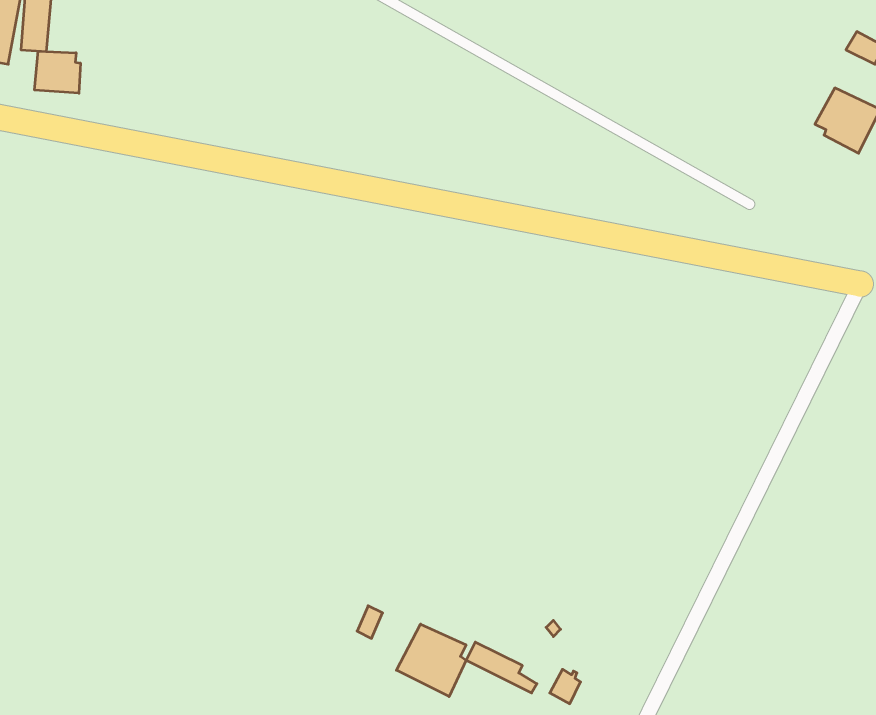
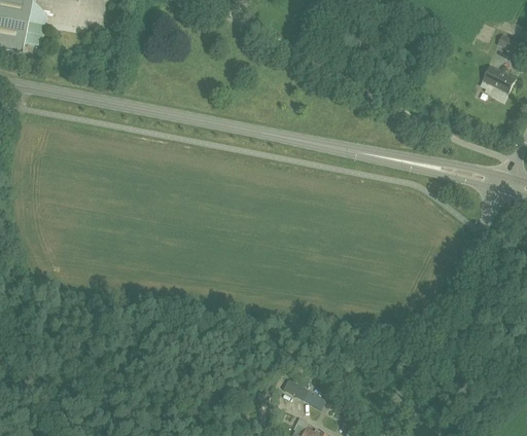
building: [35,51,80,93] -> none
building: [396,624,466,697] -> none

